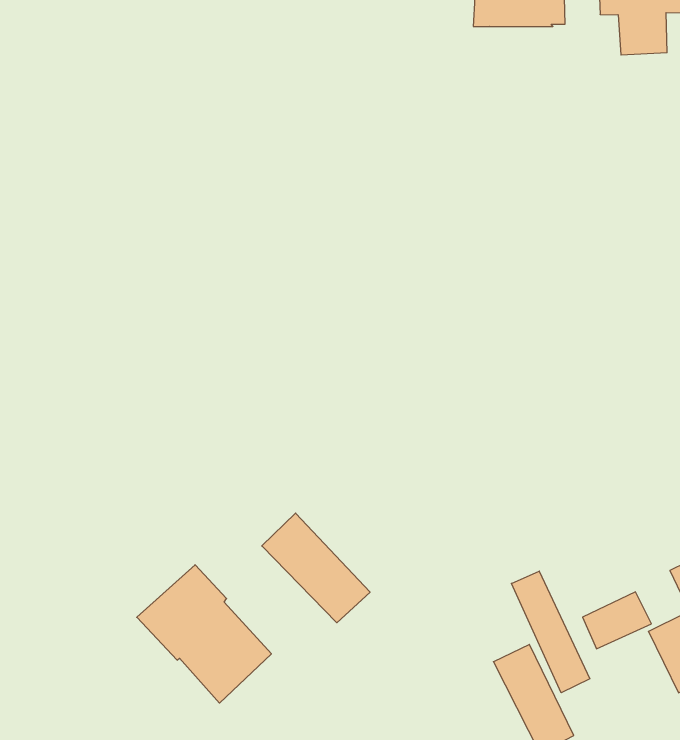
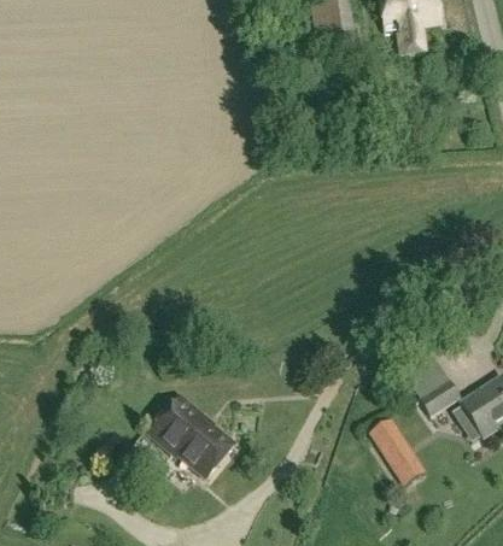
building: [262,513,370,623] -> none
building: [511,571,590,693] -> none

